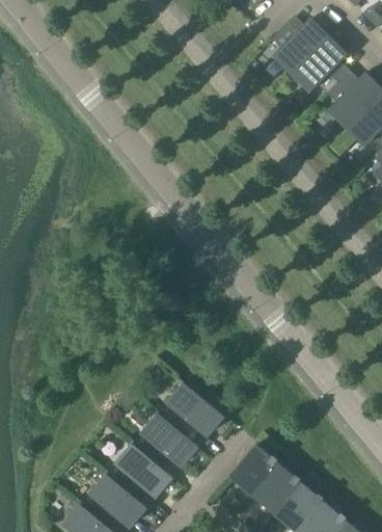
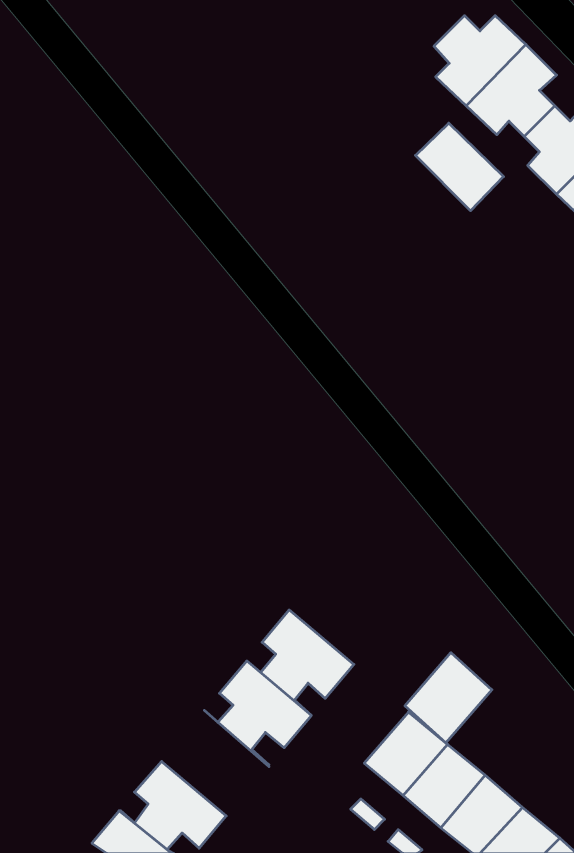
building: none -> [415,123,504,211]
building: none -> [405,653,492,743]
building: [106,444,171,508] -> none

